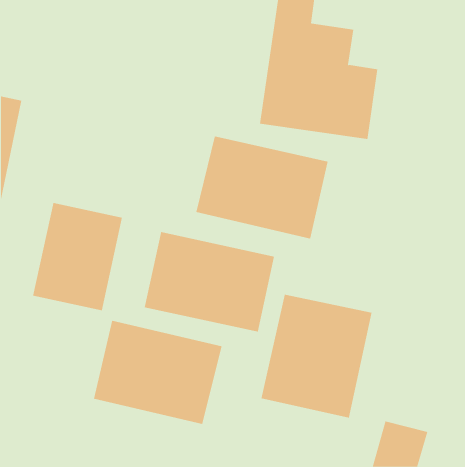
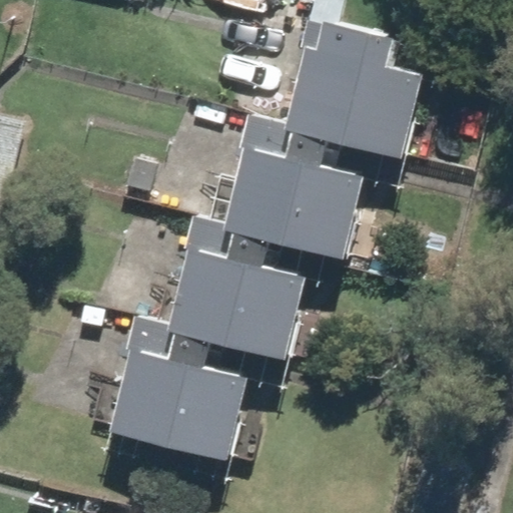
building: [33,202,123,311] -> none
building: [261,294,372,418] -> none

